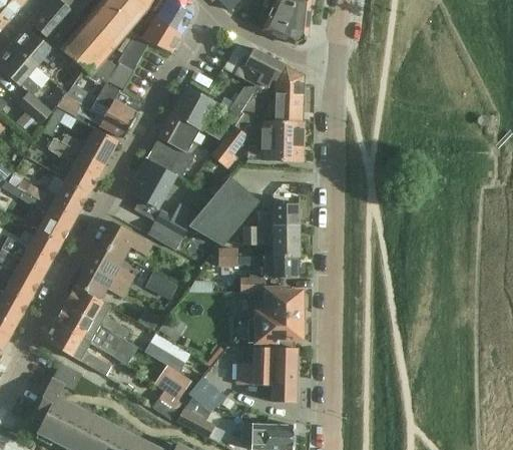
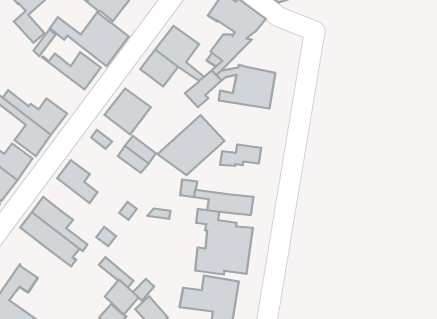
building: [274,63,305,119] -> none
building: [146,135,194,177] -> none
building: [47,137,103,189] -> none
building: [243,218,301,256] -> none
building: [99,219,149,255] -> none
building: [75,264,125,299] -> none
building: [45,322,112,376] -> none

